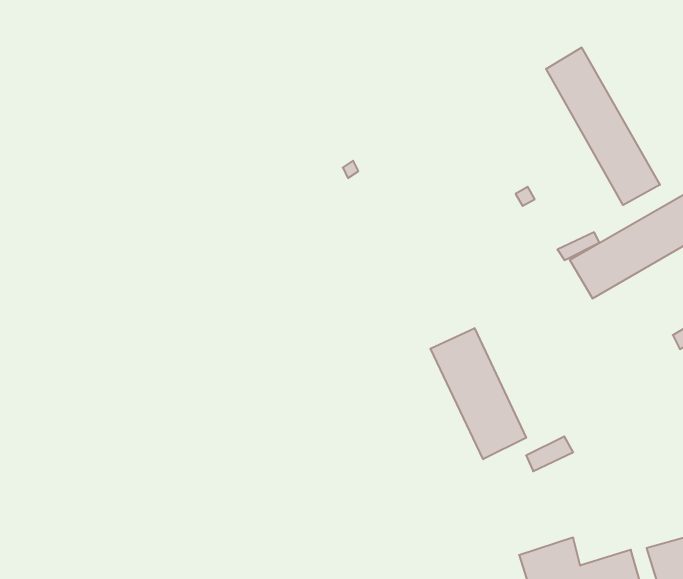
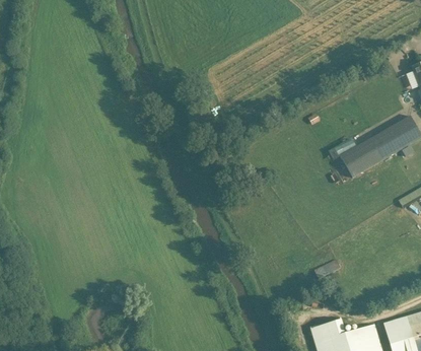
building: [546,47,660,205] -> none
building: [430,328,526,459] -> none

